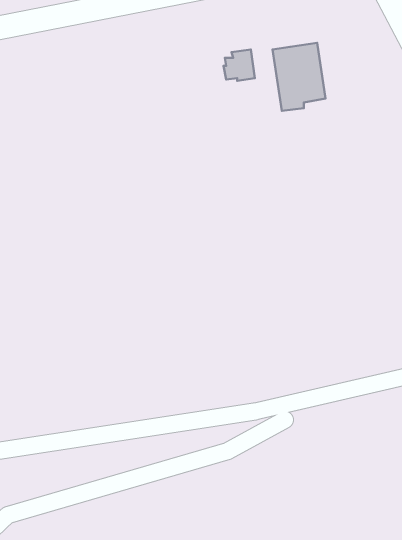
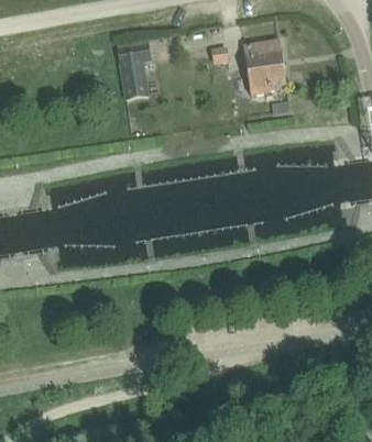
building: none -> [118,37,149,100]

